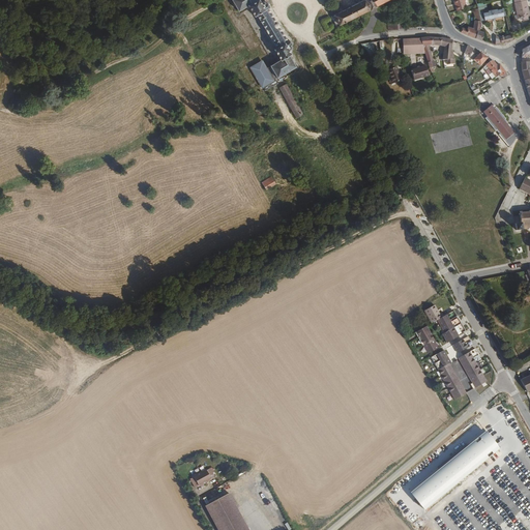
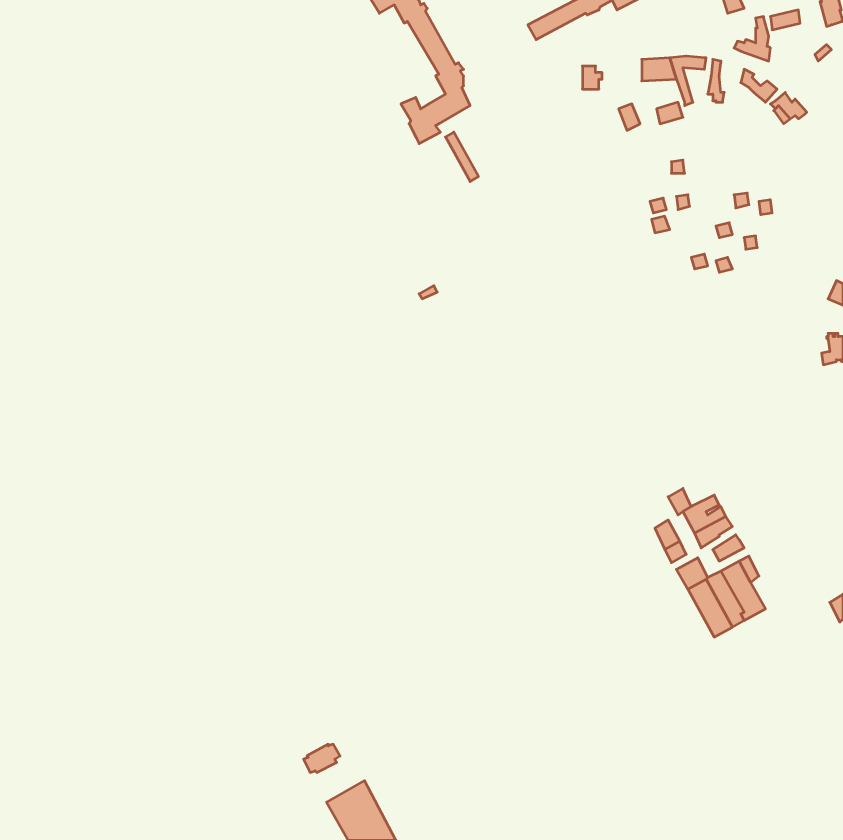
building: [483,102,518,145] -> none
building: [411,432,498,508] -> none

